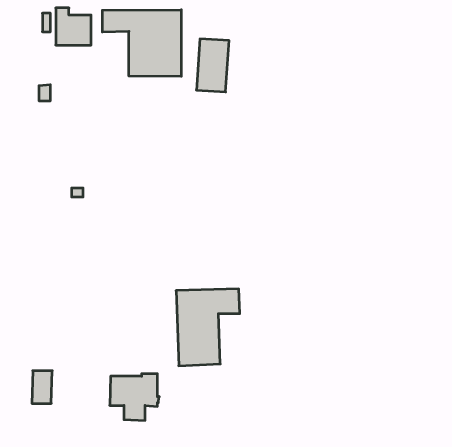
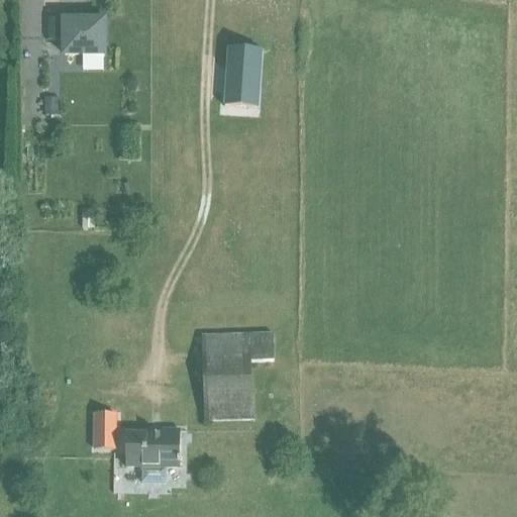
building: [102,10,181,76] -> none
building: [32,371,52,403] -> [94,410,117,447]

